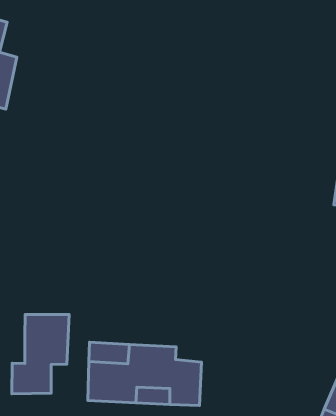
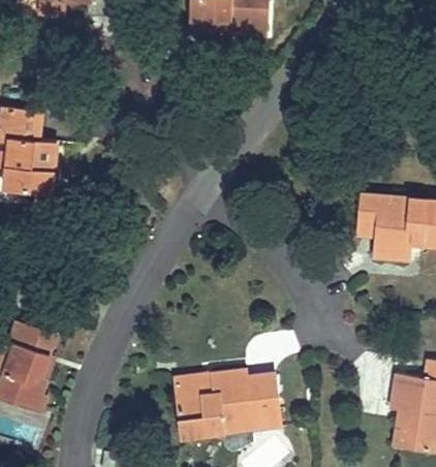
building: [12,314,69,394] -> none

